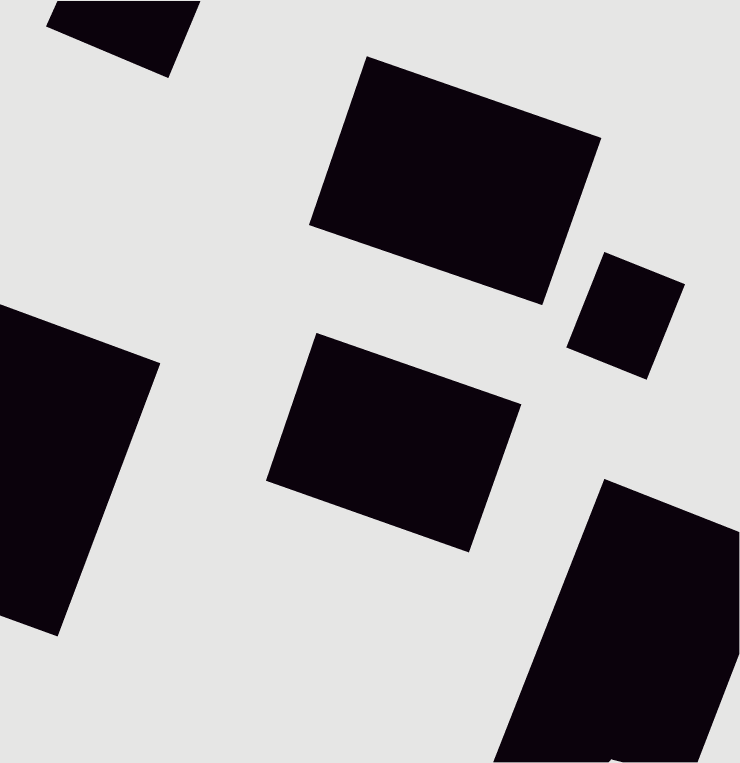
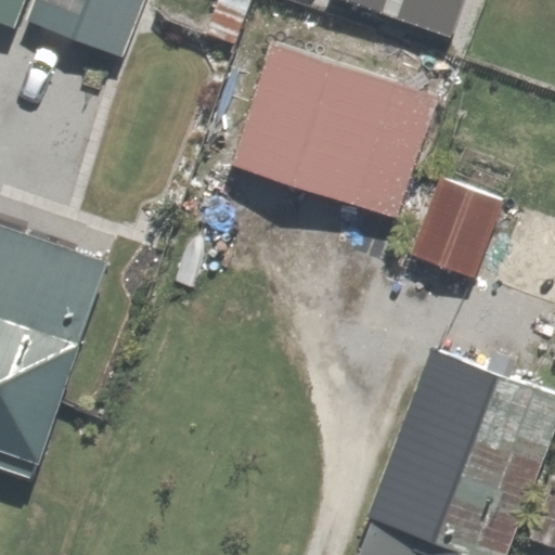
building: [265,332,523,553] -> none

